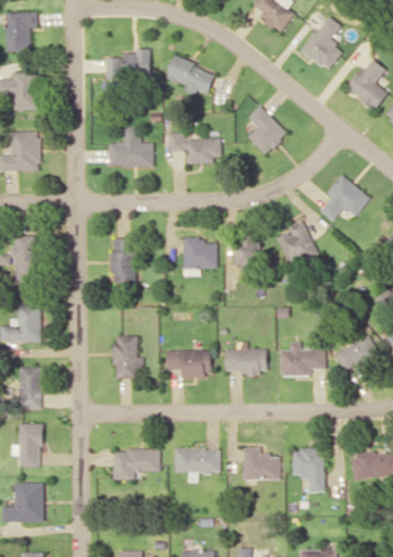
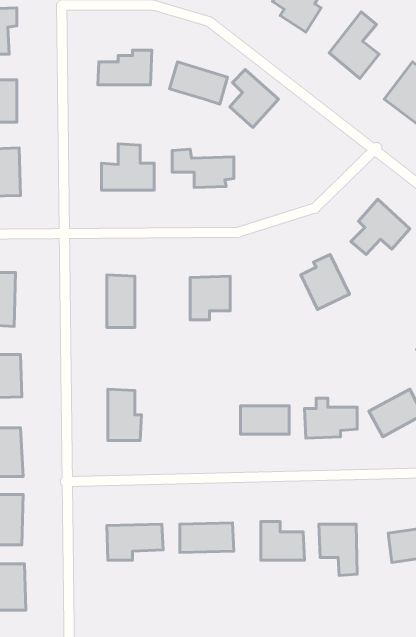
building: [246,107,287,156] -> [230,70,279,127]
building: [233,238,260,281] -> none
building: [167,349,211,376] -> none

